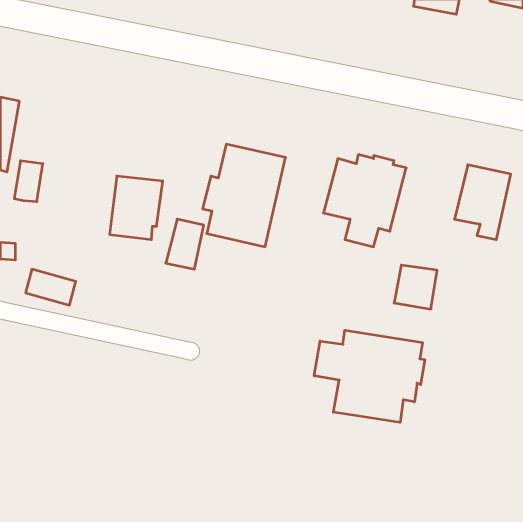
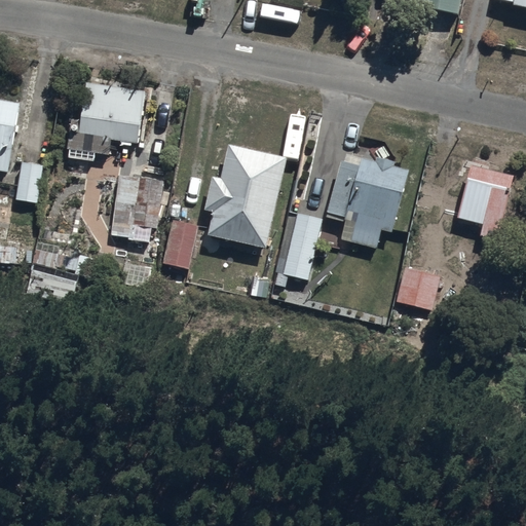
building: none -> [66,81,146,161]
building: none -> [274,209,323,286]
building: [314,330,425,422] -> none

